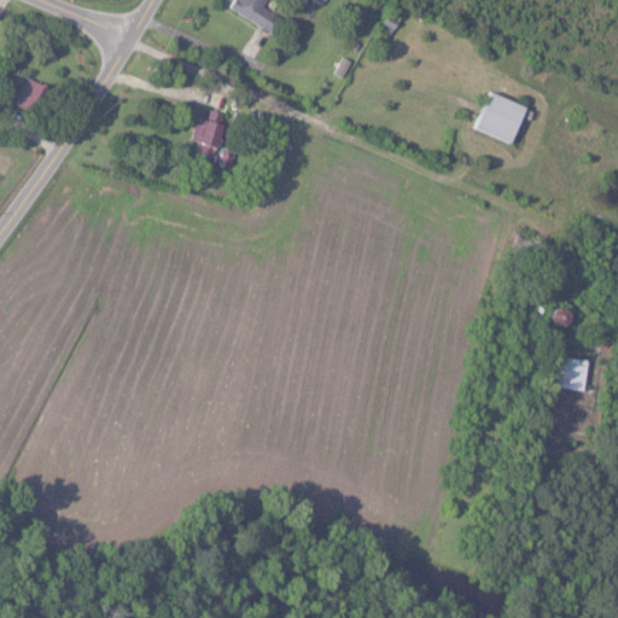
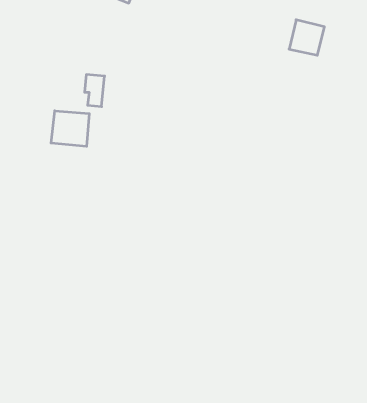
building: none -> [51,111,89,146]

